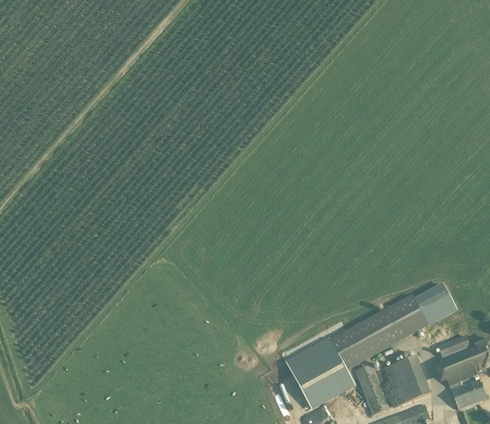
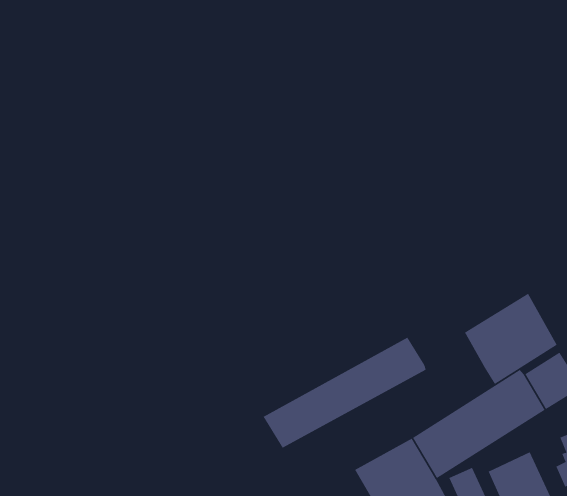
building: none -> [464,293,558,385]
building: none -> [263,337,426,449]

